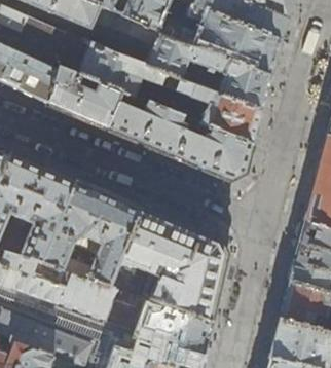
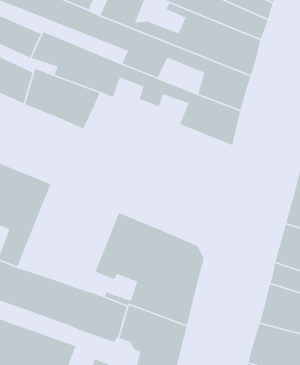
building: [106,93,252,180] -> none
building: [41,182,140,287] -> none

